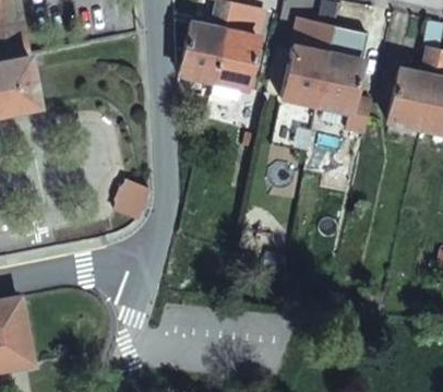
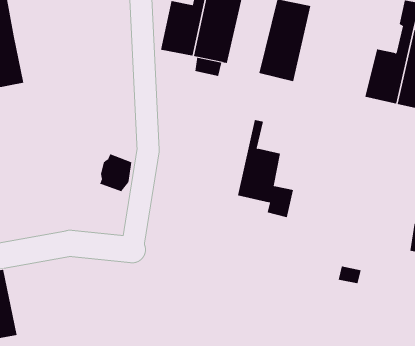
building: [315,29,373,130] -> [237,119,294,218]

